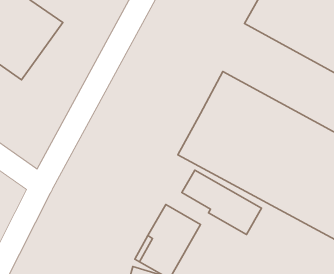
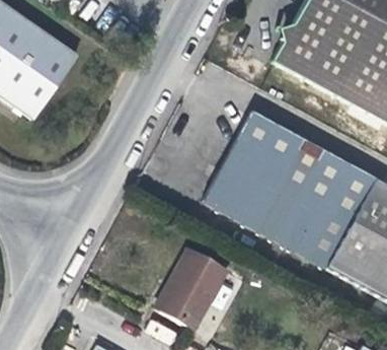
building: [182,170,262,234] -> none

